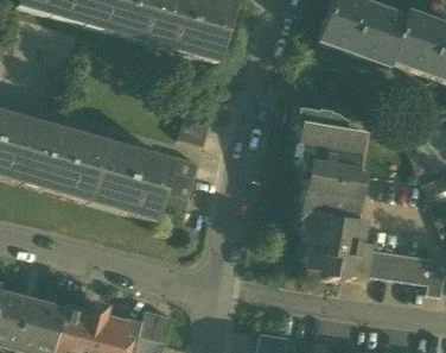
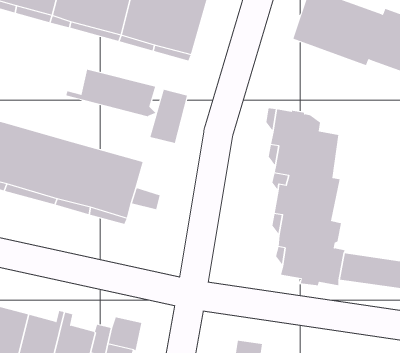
building: none -> [65,69,156,117]
building: [167,153,200,191] -> none

